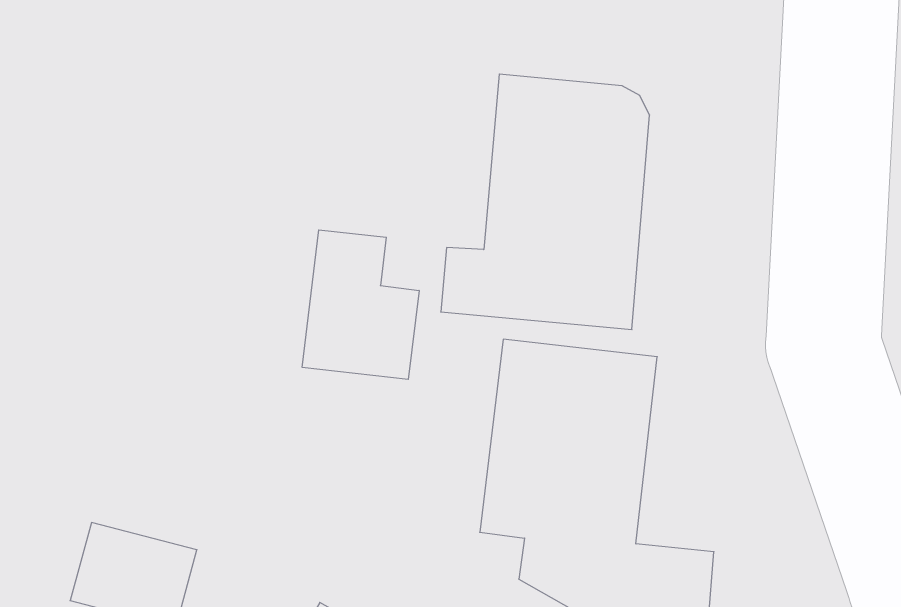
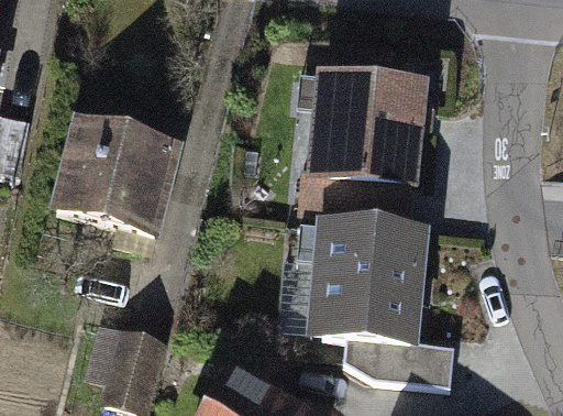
building: none -> [55,124,173,234]
building: [302,230,419,379] -> none

